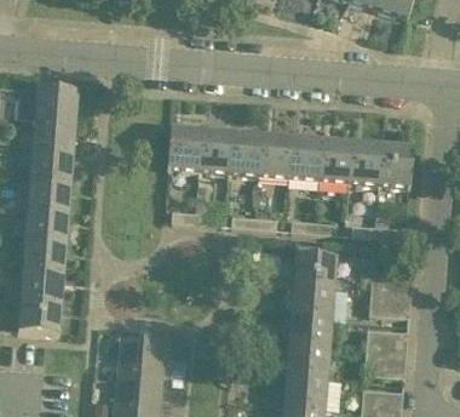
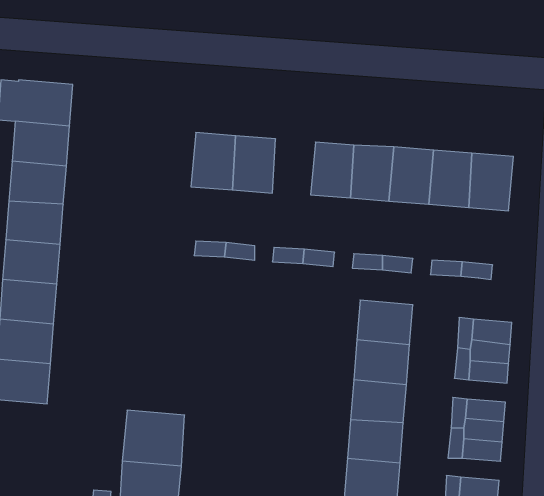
building: [230,132,263,175] -> none

